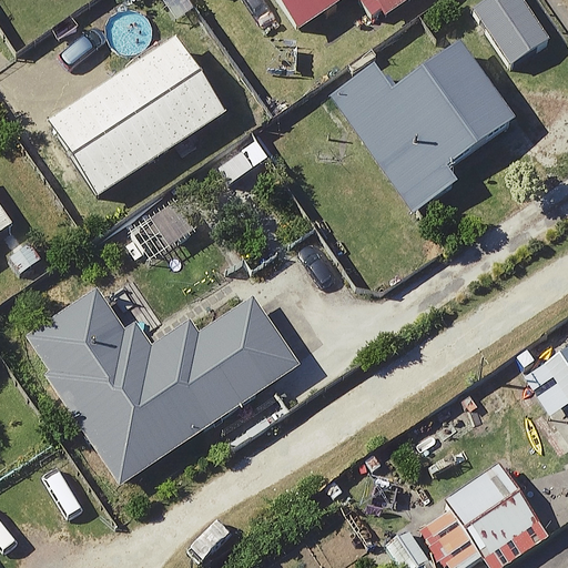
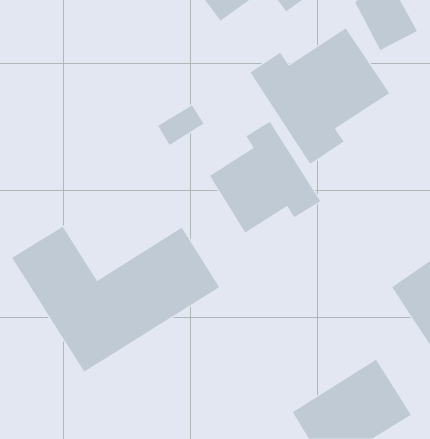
building: [50,36,226,194] -> none
building: none -> [209,121,321,234]

